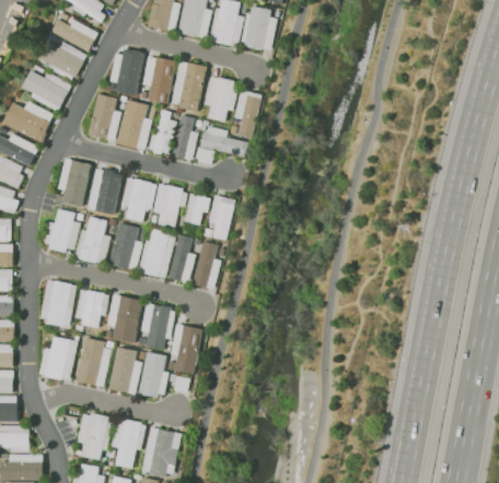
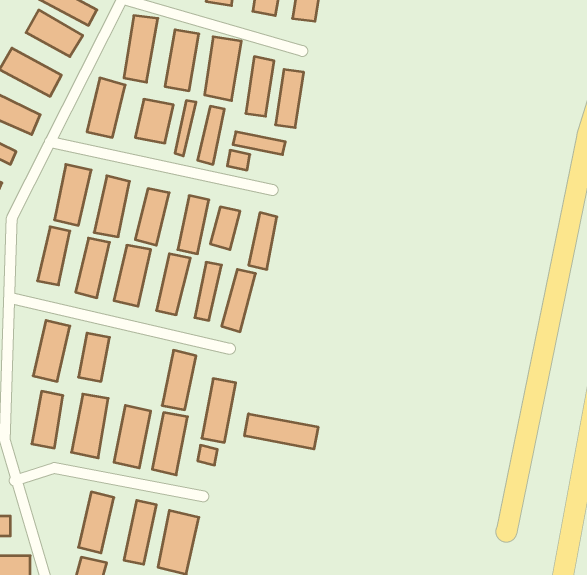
building: [112,295,142,342] -> none
building: none -> [245,414,318,449]

